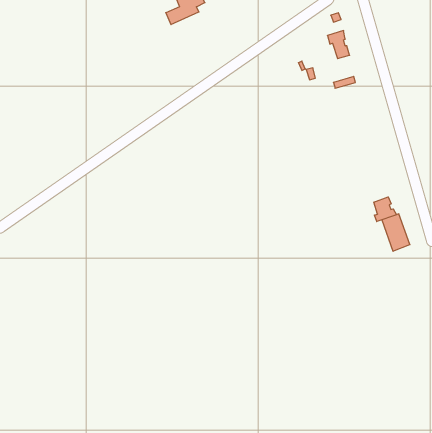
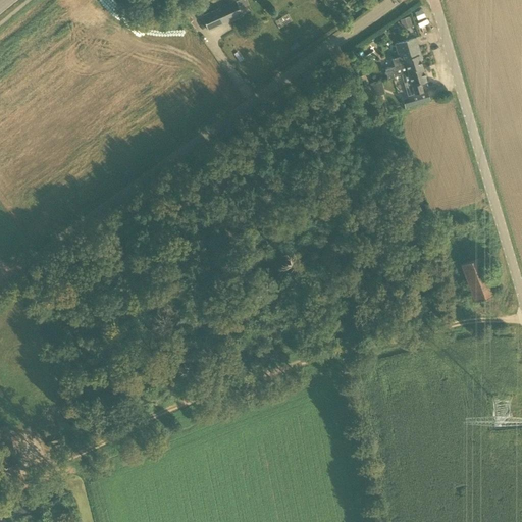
building: none -> [399,66,423,95]
building: [374,197,396,222] -> none

